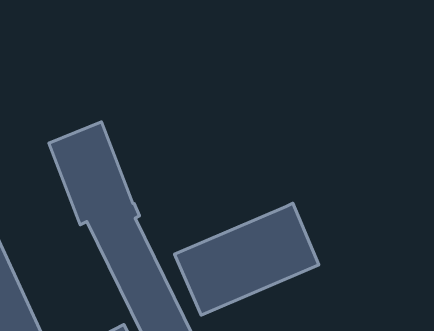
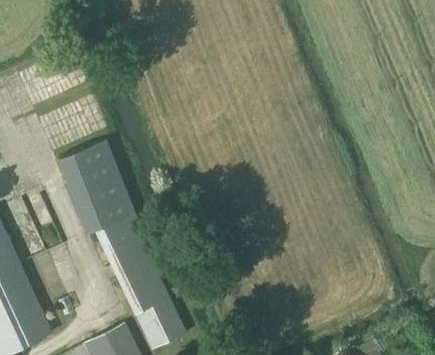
building: [174,203,319,315] -> none

